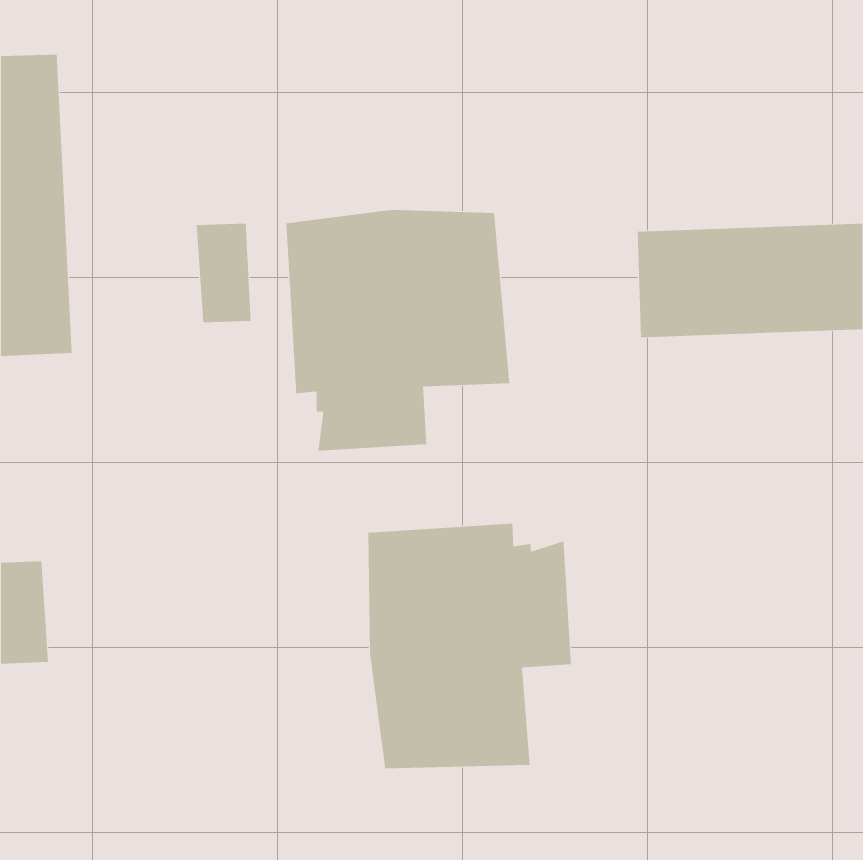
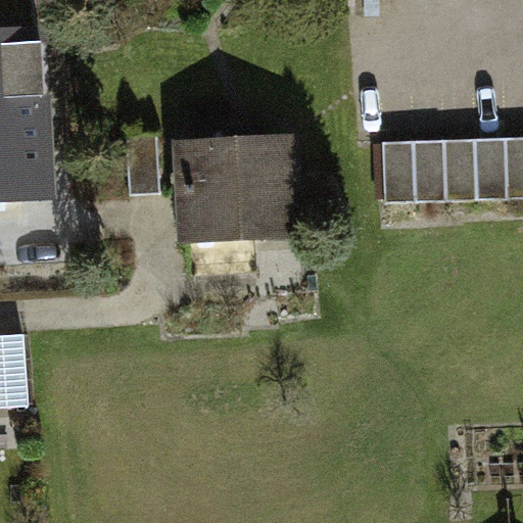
building: [368,523,571,769] -> none

